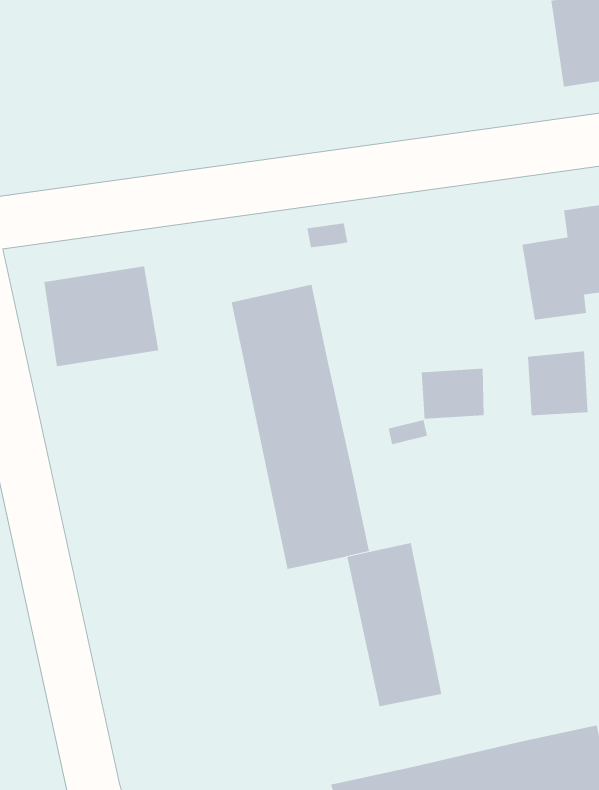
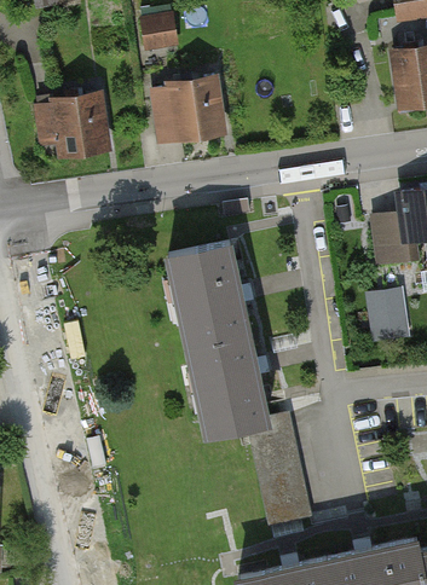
building: none -> [148,77,224,147]
building: [43,266,159,367] -> [31,94,109,162]
building: [421,368,484,420] -> none

